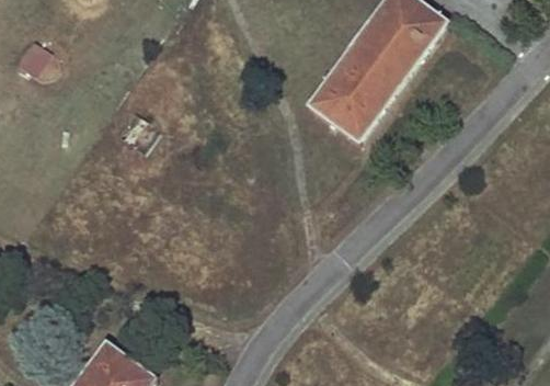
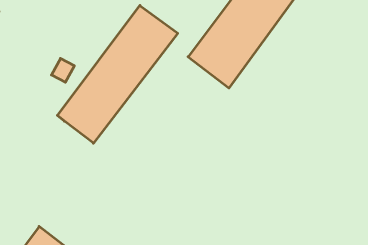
building: none -> [57,5,178,143]

